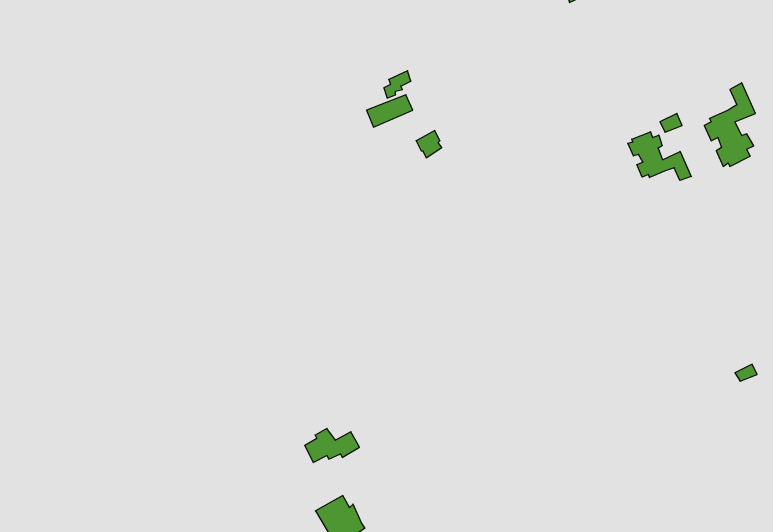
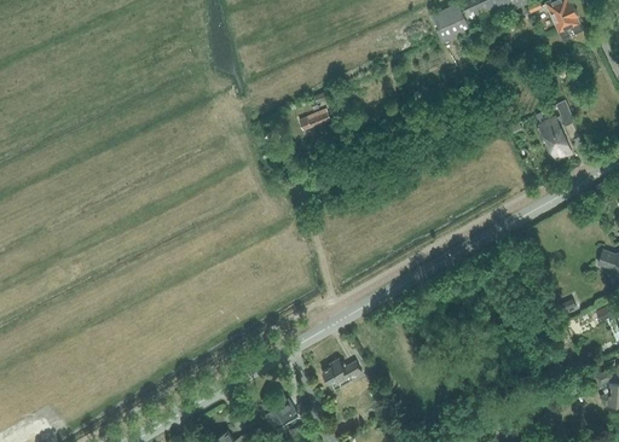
building: [628,132,691,180] -> none
building: [305,428,359,462] -> [323,360,361,384]

